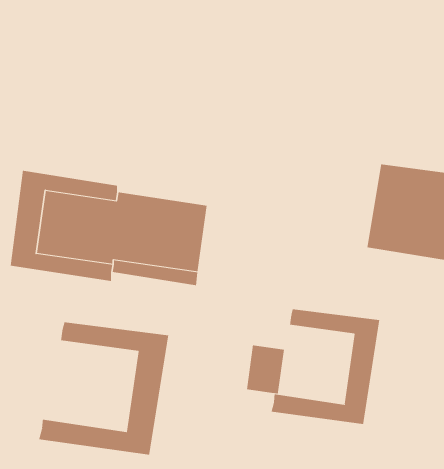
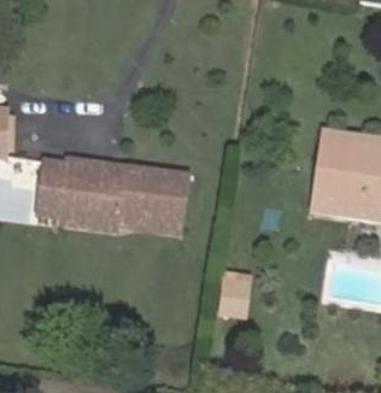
building: [271,308,380,425] -> none
building: [39,321,169,455] -> none

